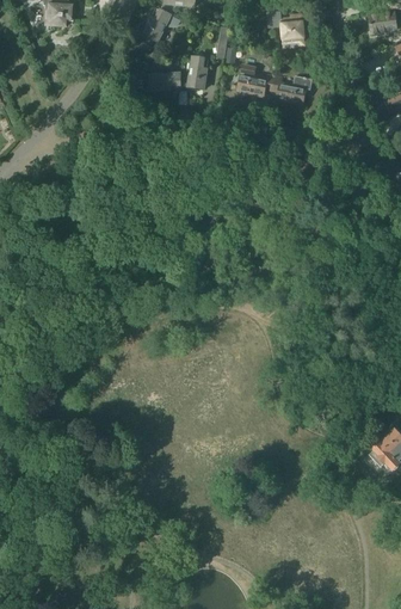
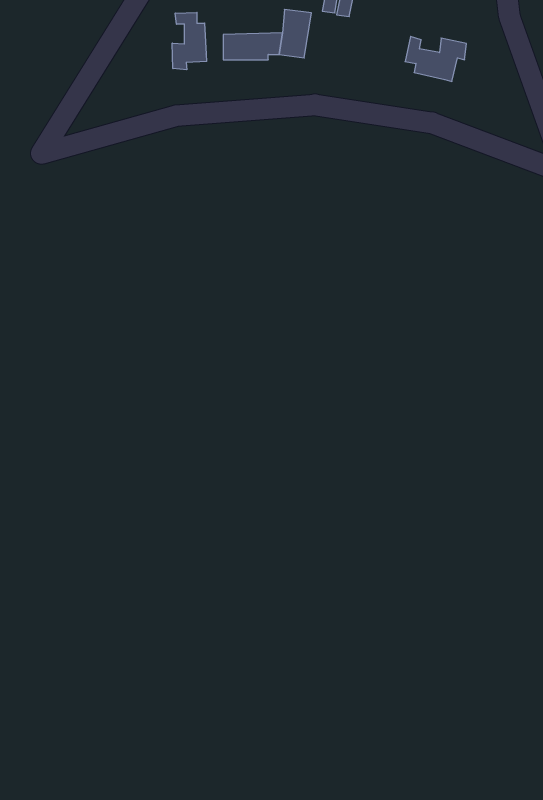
building: none -> [172,12,207,70]
building: [237,64,274,96] -> none

